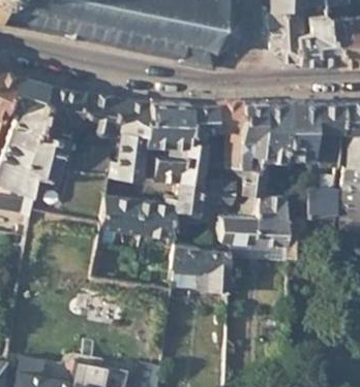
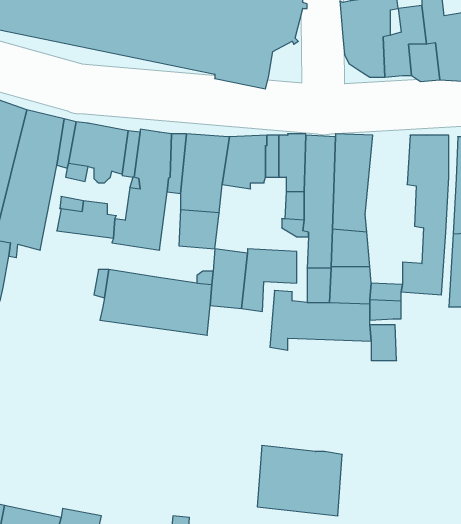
building: [282,103,313,161] -> none
building: [178,137,206,185] -> none
building: [170,246,229,294] -> [257,446,342,516]

